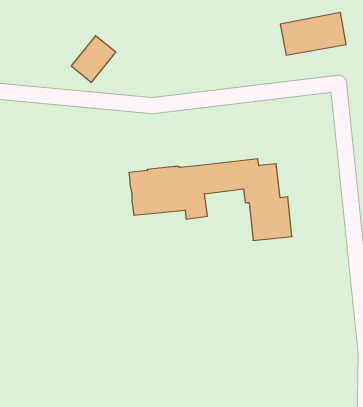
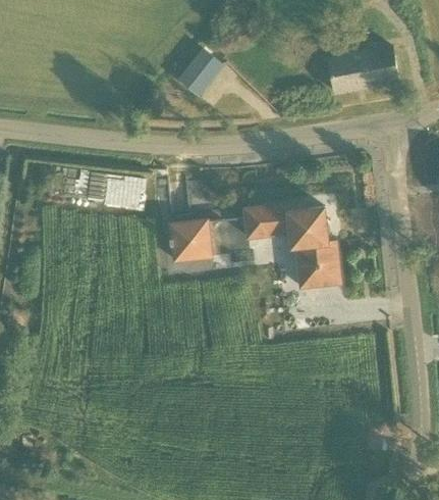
building: [71,36,116,82] -> [175,50,222,99]

